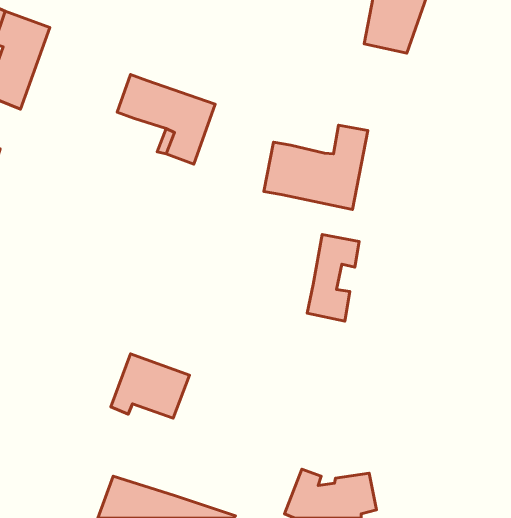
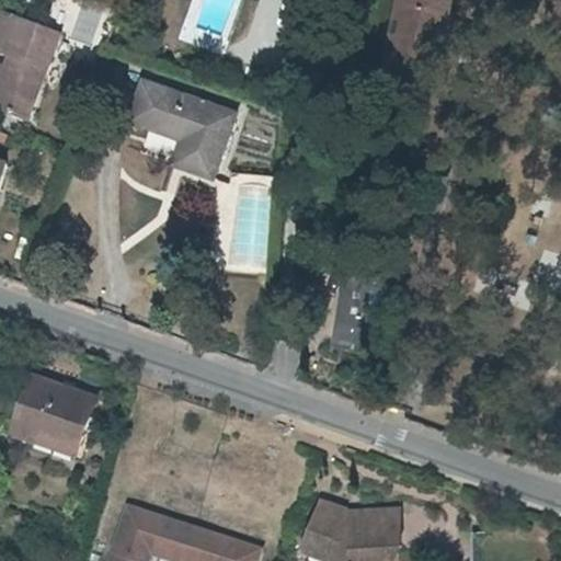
building: [264,125,368,209] -> none
building: [111,354,189,418] -> [13,377,98,446]

